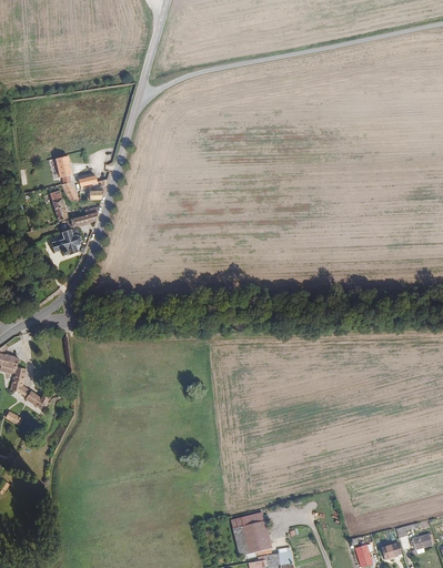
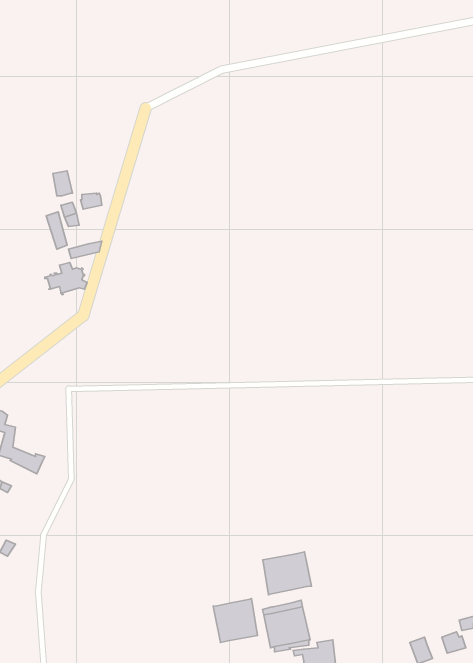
building: none -> [263,552,311,595]
building: none -> [213,599,258,643]

